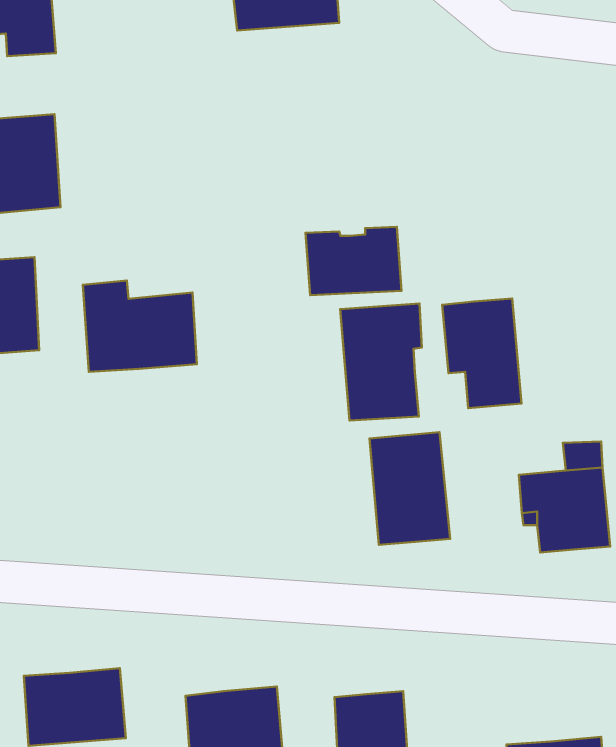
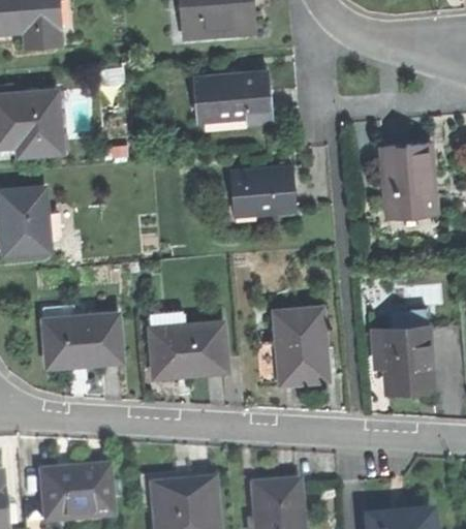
building: none -> [194,72,271,126]
building: [83,280,197,372] -> [43,306,121,368]
building: [442,299,521,408] -> [381,143,435,217]
building: [340,304,422,421] -> none
building: none -> [145,322,225,373]

